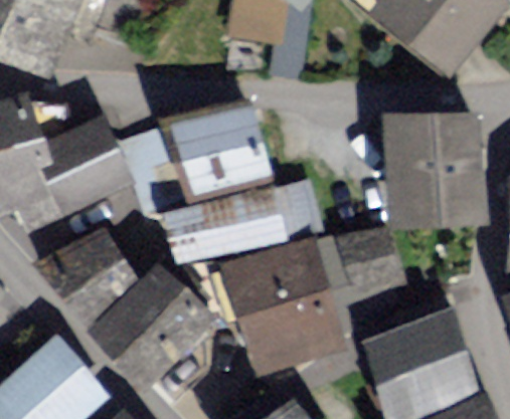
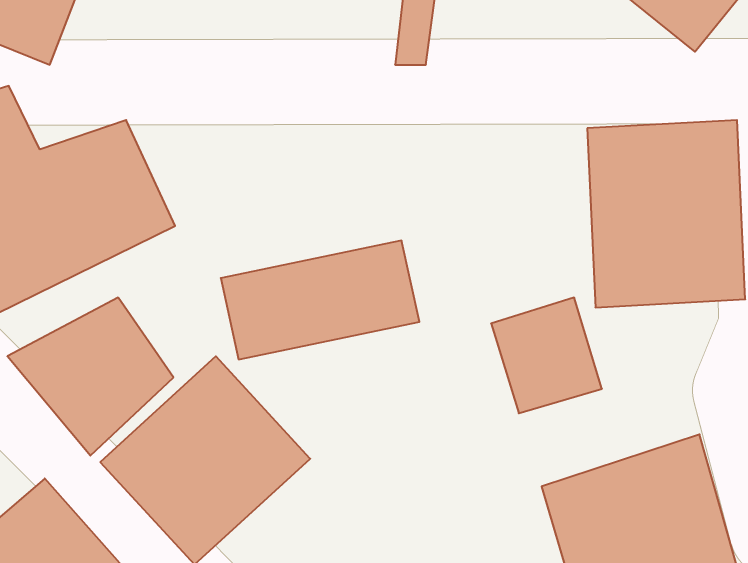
building: [165,98,276,204] -> none
building: [213,239,346,381] -> none

